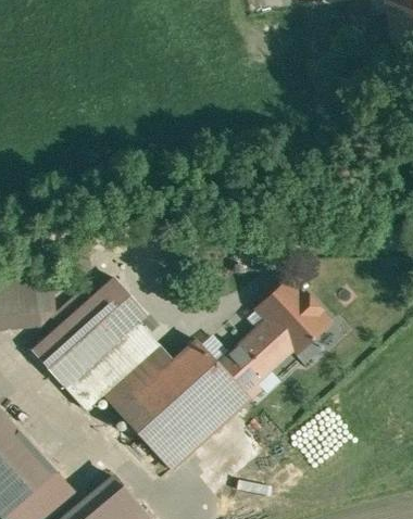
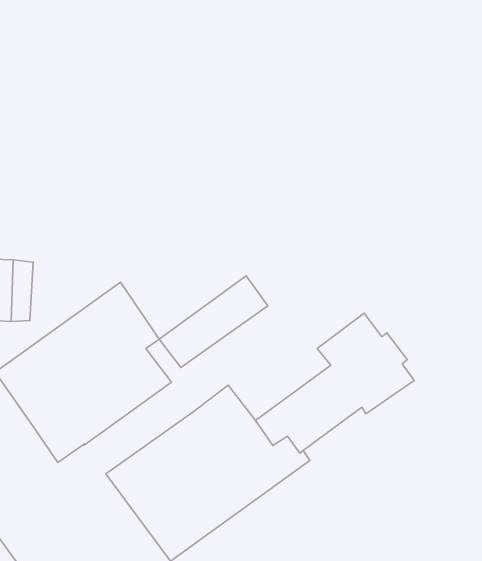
building: [102,343,176,413] -> [159,276,268,368]

